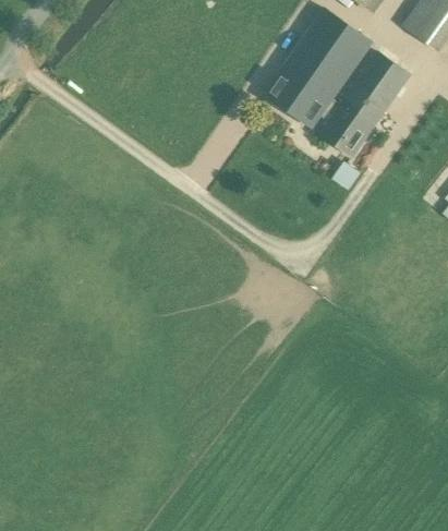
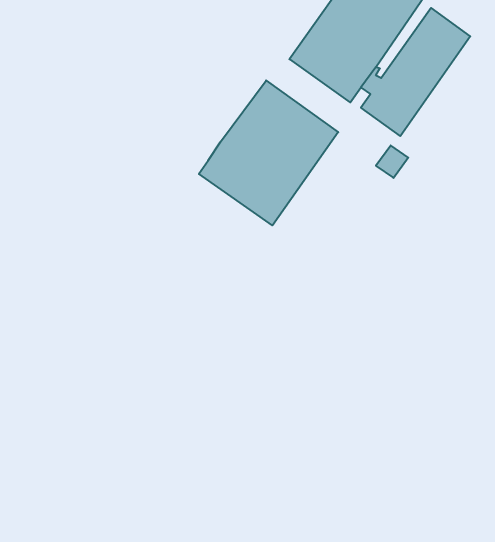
building: none -> [199,80,338,225]

